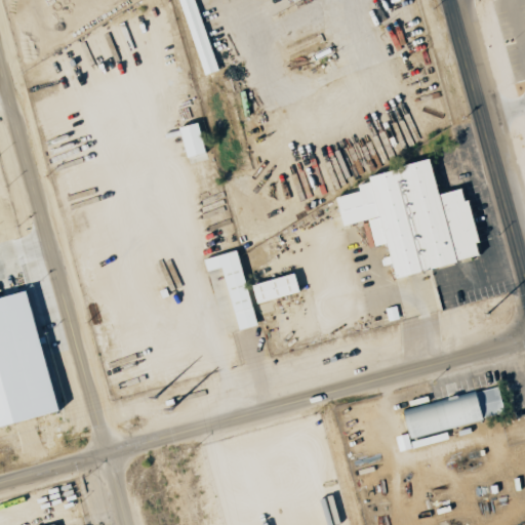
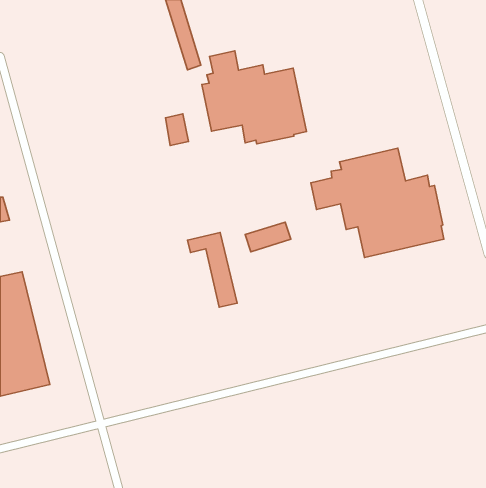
building: none -> [202,51,306,144]
building: [251,272,300,304] -> [245,222,291,252]
building: [404,387,506,447] -> none

